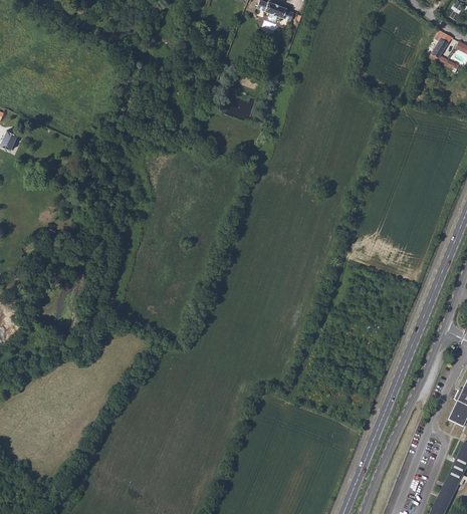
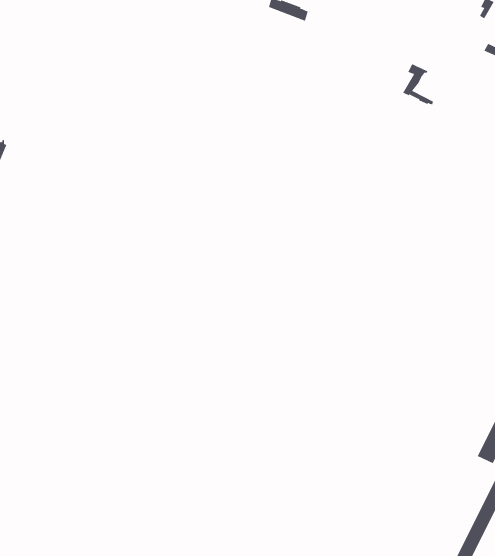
building: [429,29,458,67] -> [402,63,434,105]

